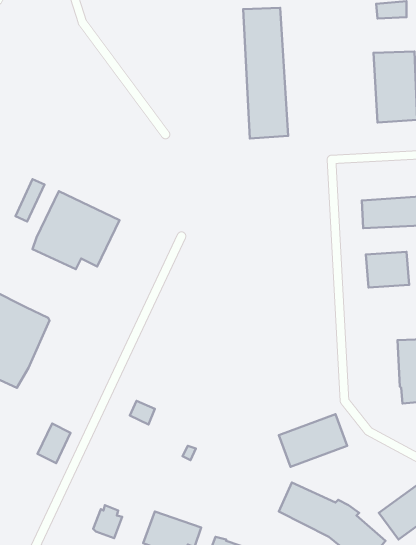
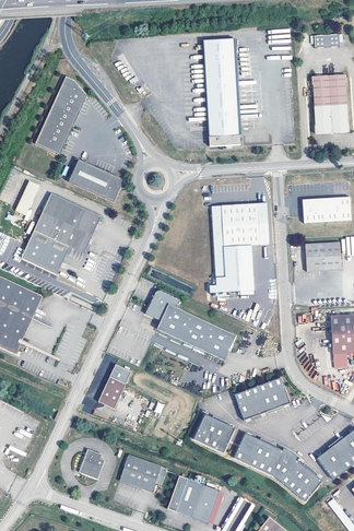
building: none -> [35,75,87,154]
building: none -> [69,158,121,202]
building: none -> [209,202,269,294]
building: none -> [20,238,64,272]
building: none -> [145,290,235,358]
building: [38,424,71,463] -> [97,376,125,409]
building: none -> [191,412,234,451]

